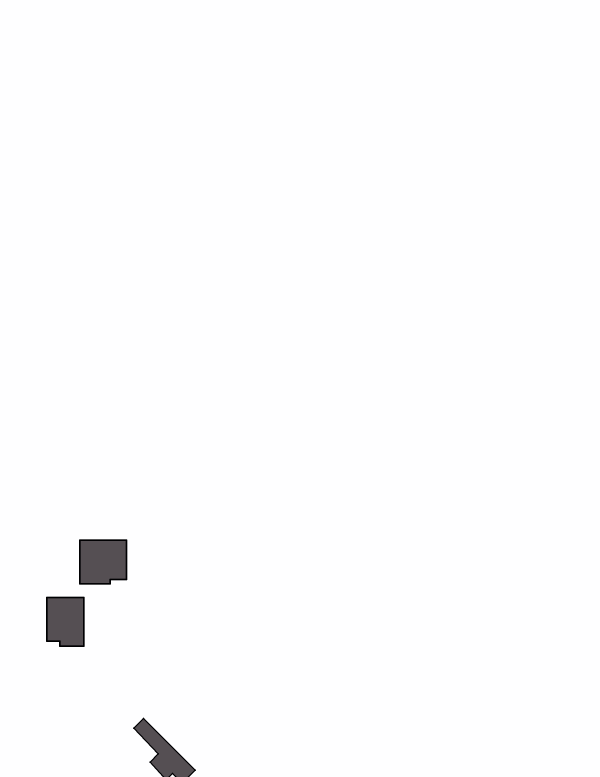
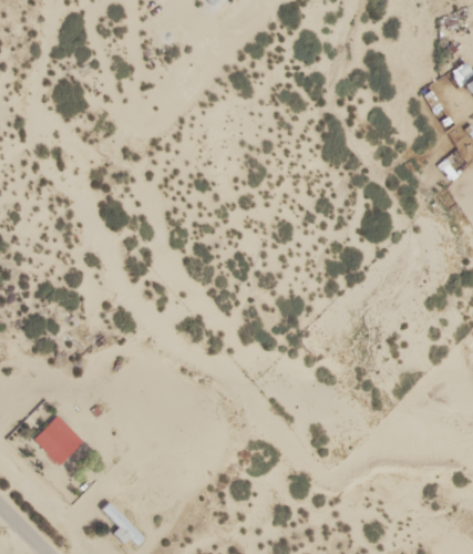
building: [80,540,127,584] -> none

